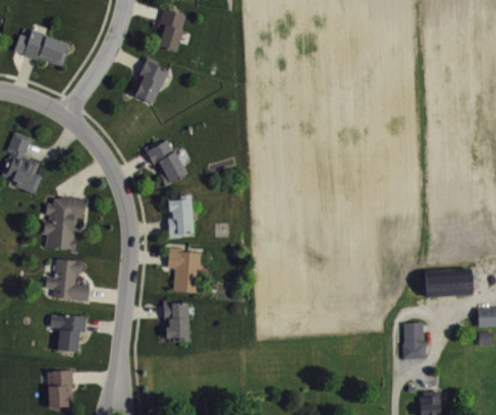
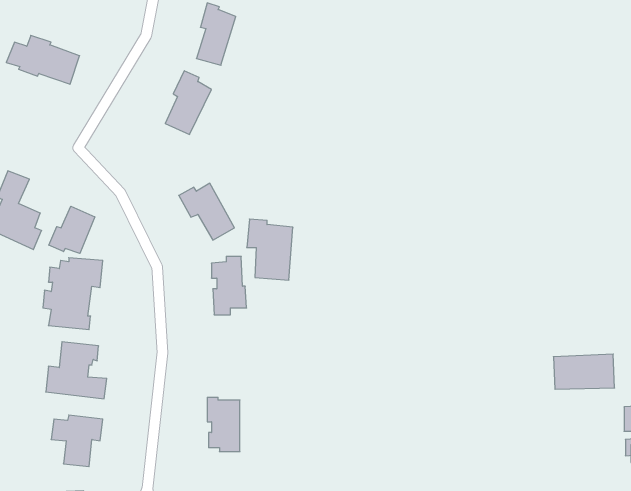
building: none -> [49,206,95,253]
building: [167,247,202,293] -> [247,219,293,280]
building: [402,322,426,359] -> none

